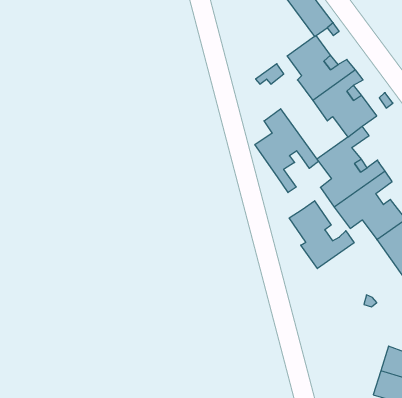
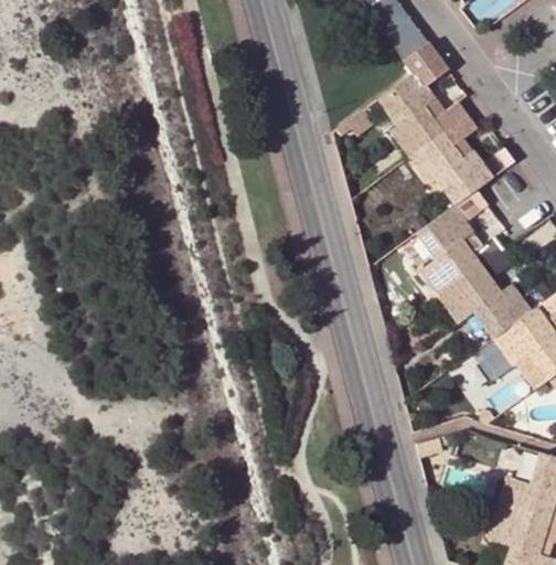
building: [255,109,319,193] -> none
building: [289,201,354,269] -> none

